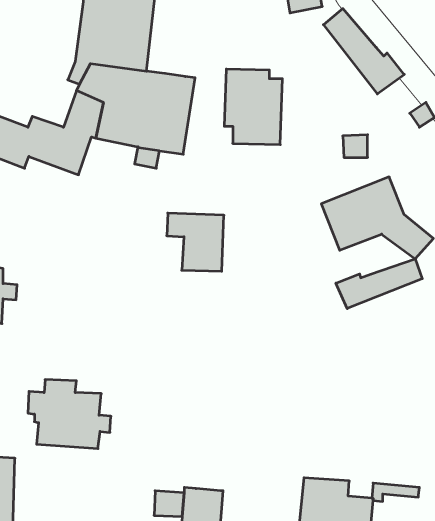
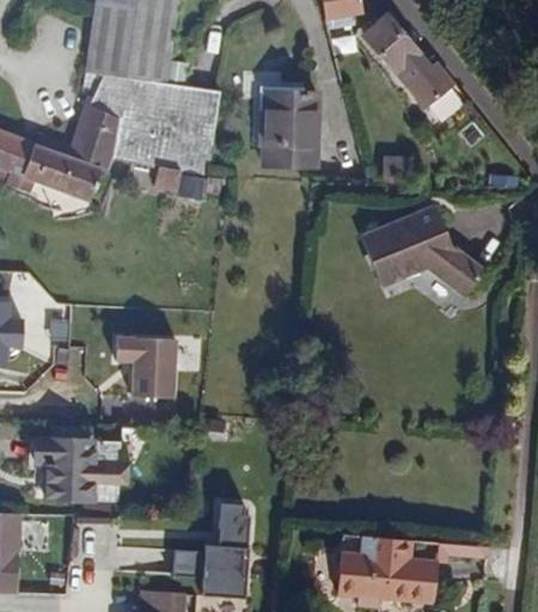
building: [167,213,224,271] -> [117,337,181,402]
building: [336,259,422,309] -> none
building: none -> [215,496,251,550]

